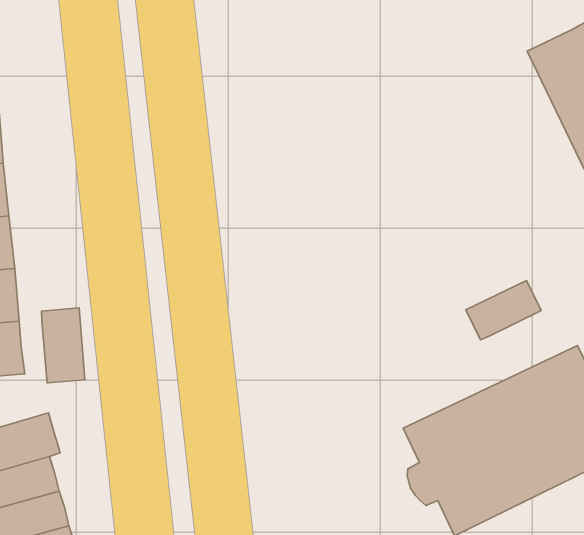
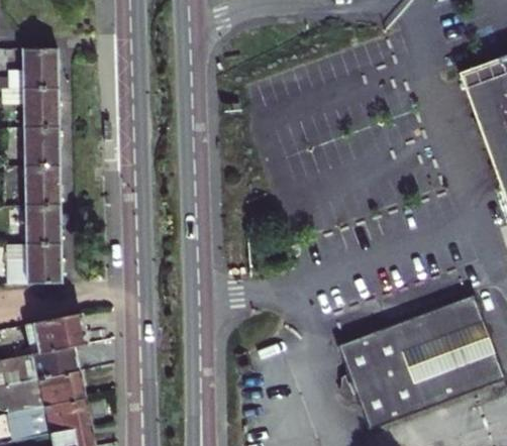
building: [466,281,541,340] -> none
building: [41,308,85,383] -> none

